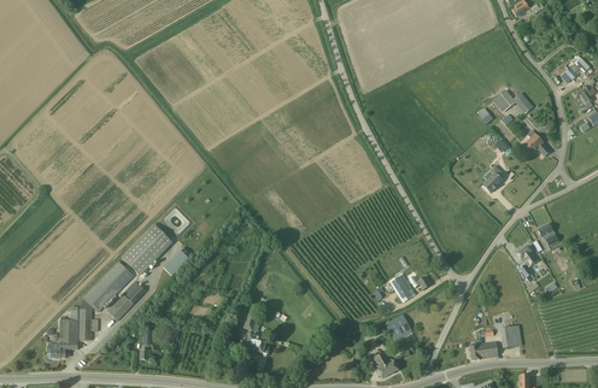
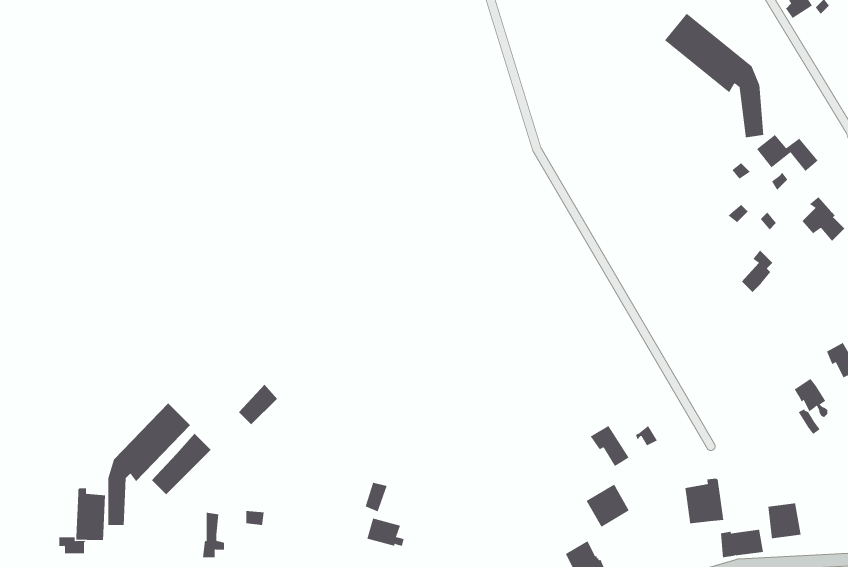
building: none -> [664,13,764,138]
building: [122,225,171,275] -> none
building: none -> [685,478,724,524]

